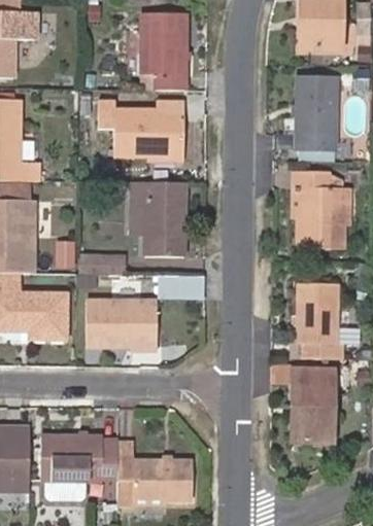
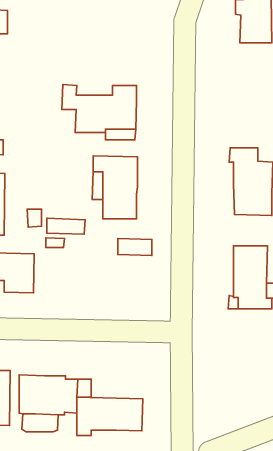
building: [143,12,189,90] -> none
building: [295,76,334,152] -> none
building: [88,303,157,347] -> none
building: [291,369,332,444] -> none

